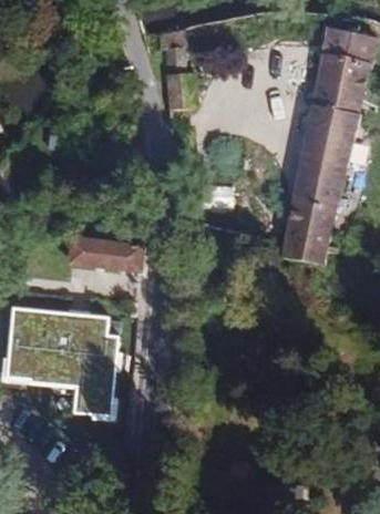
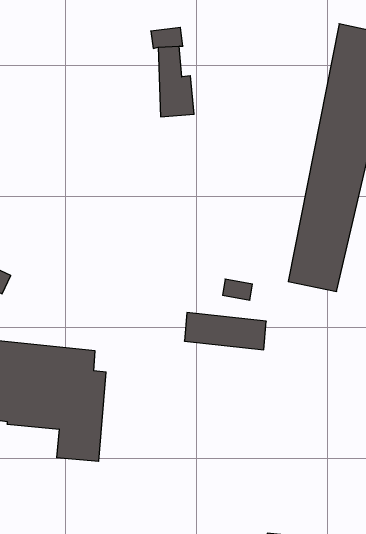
building: [71,237,144,270] -> [184,313,266,350]

